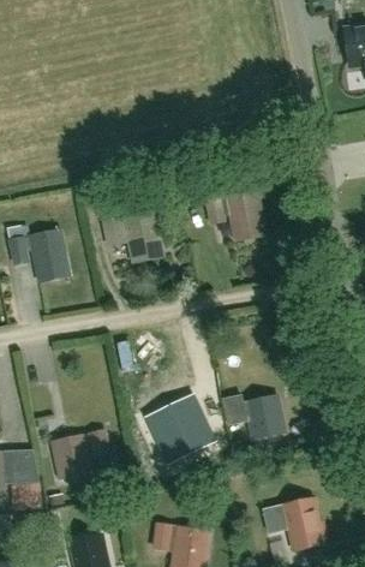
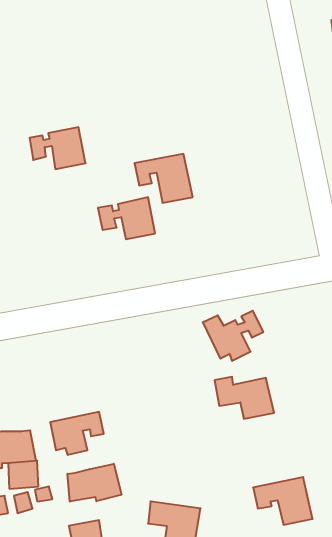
building: [207,189,267,239] -> [134,154,193,203]
building: [11,228,68,271] -> [30,127,86,169]
building: [146,405,209,456] -> [203,311,263,361]
building: none -> [68,464,121,502]

